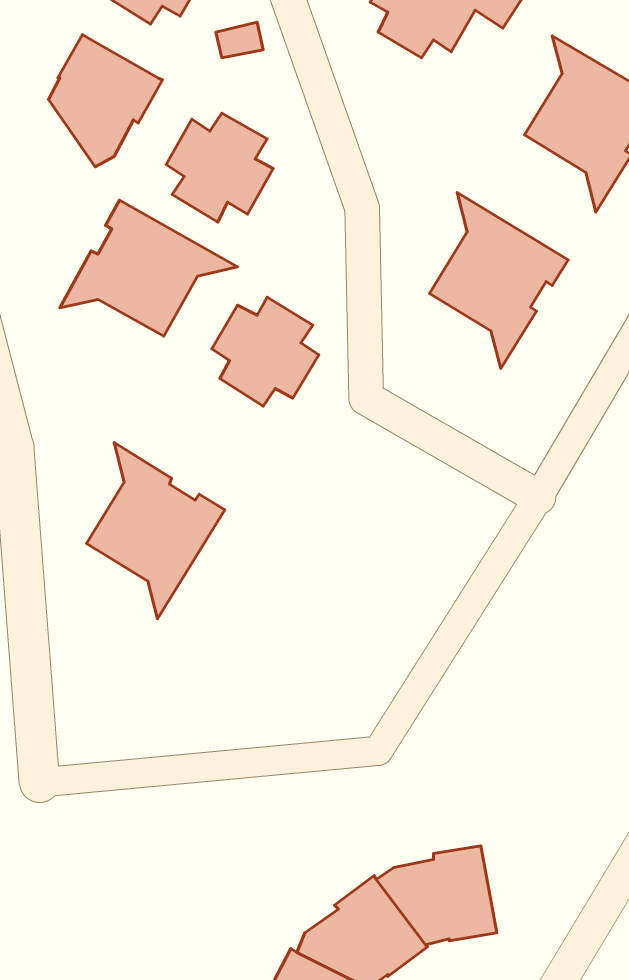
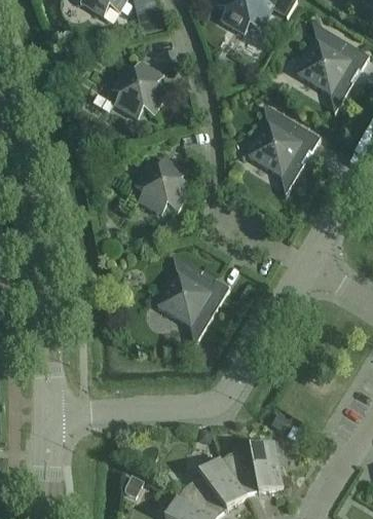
building: [49,34,163,167] -> none
building: [60,200,238,336] -> none
building: [86,443,225,619] -> [157,253,229,344]

